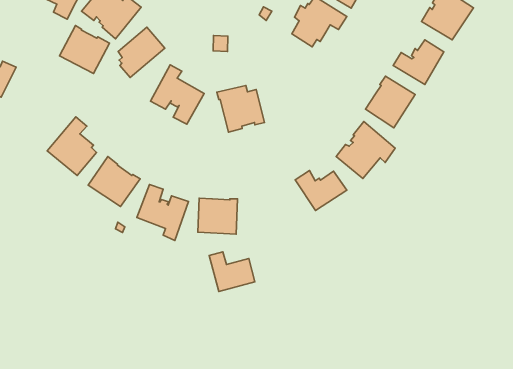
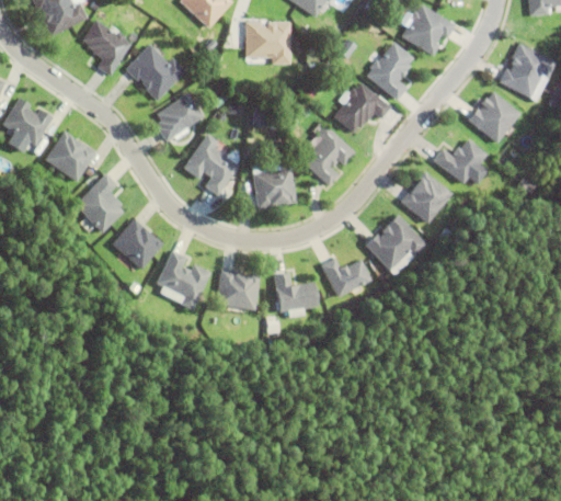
building: [60,25,109,74] -> [45,132,96,182]
building: none -> [296,123,356,186]
building: [209,252,255,292] -> [274,273,317,312]

